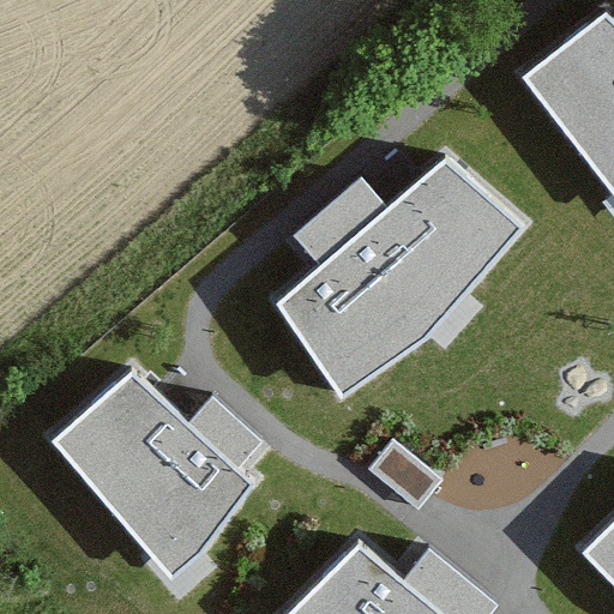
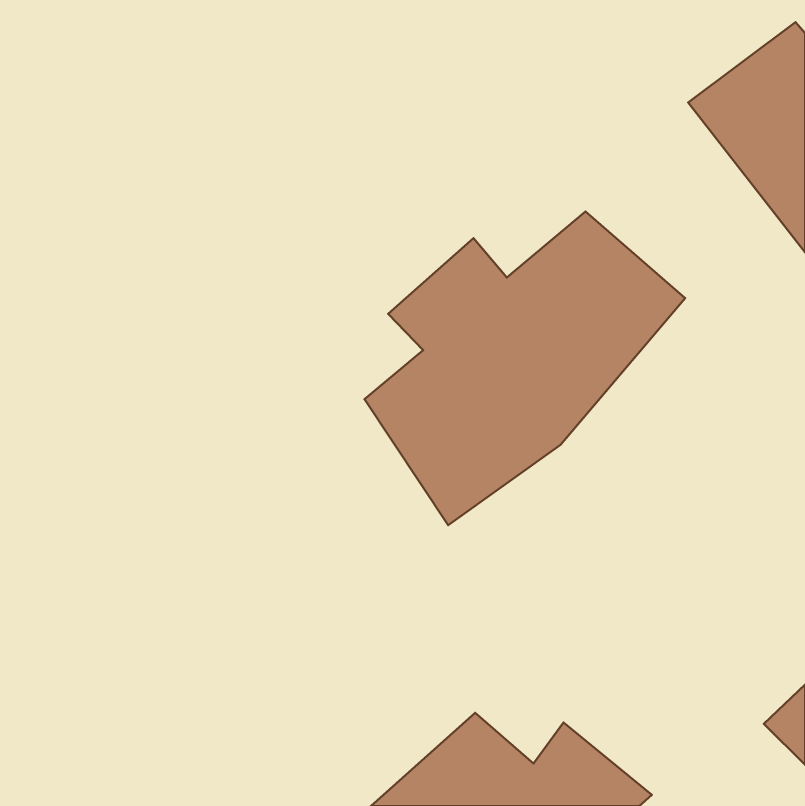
building: [52,373,258,576] -> none

